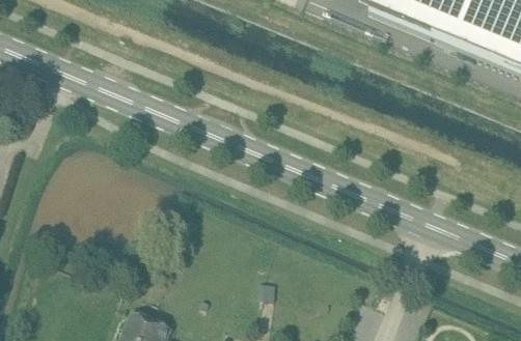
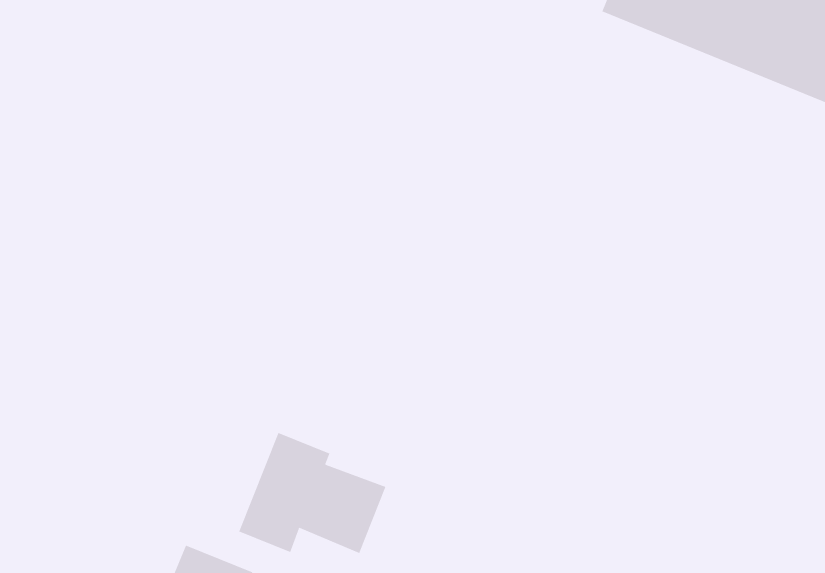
building: none -> [238,432,386,554]

